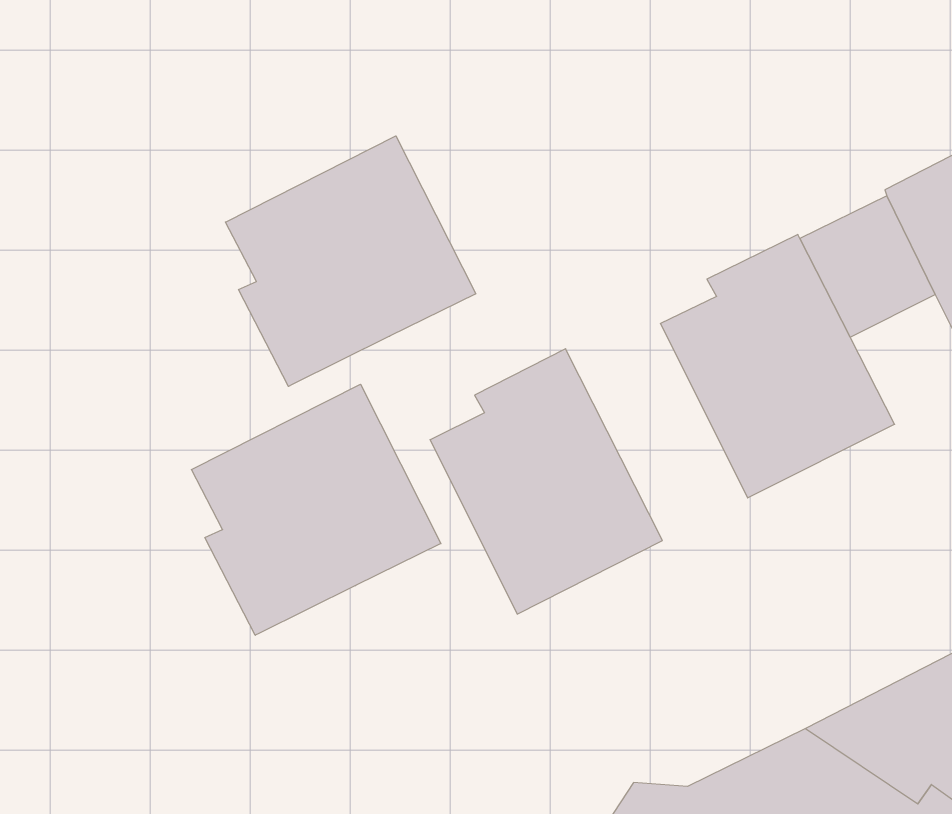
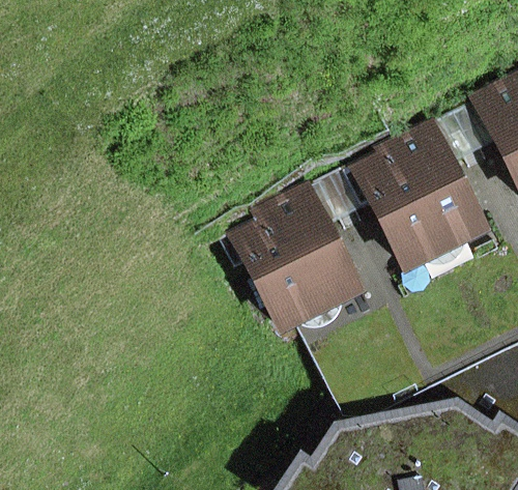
building: [225,136,476,386] -> none
building: [191,384,441,635] -> none

